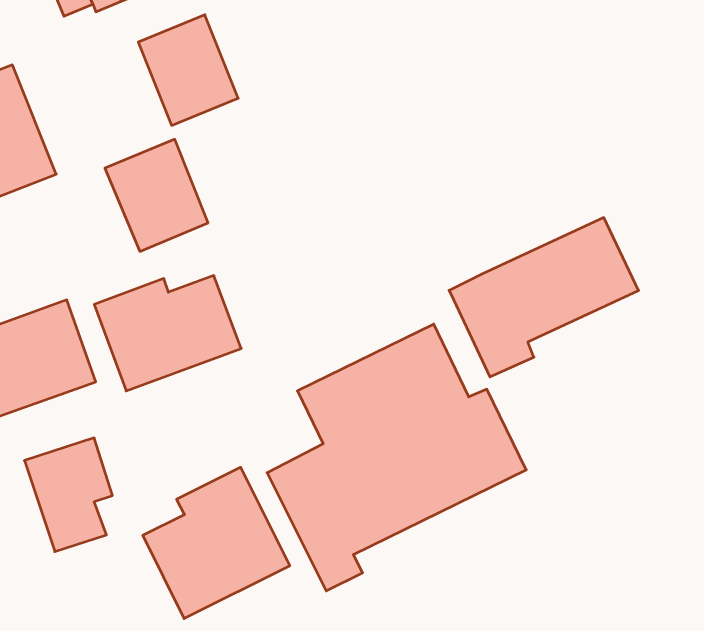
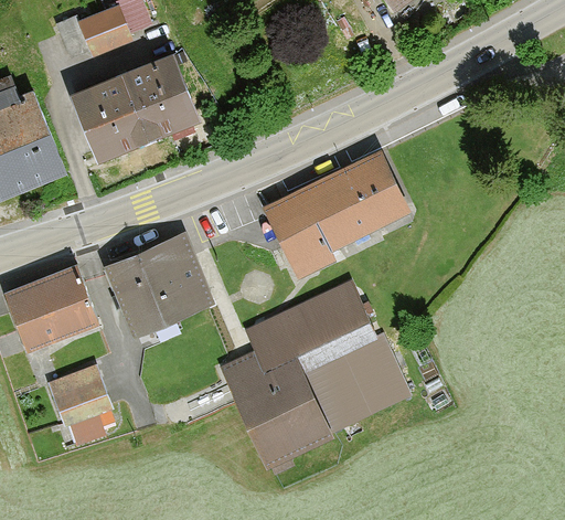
building: [105,139,208,251] -> [77,77,152,159]
building: [449,218,639,377] -> [268,156,406,272]
building: [143,467,290,619] -> none

